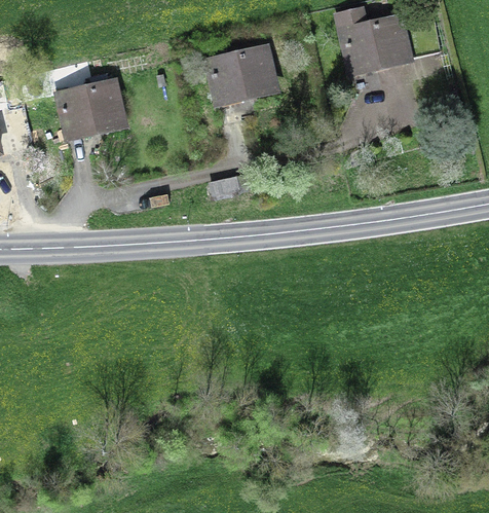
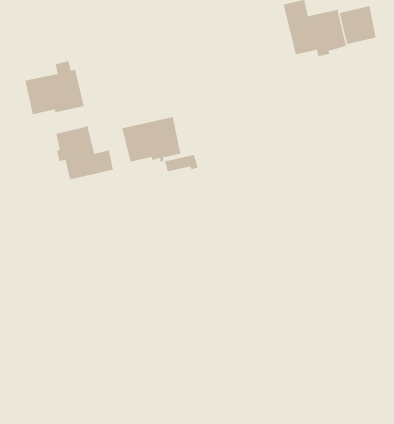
building: [206,50,271,100] -> [121,117,181,162]
building: none -> [56,125,114,180]

